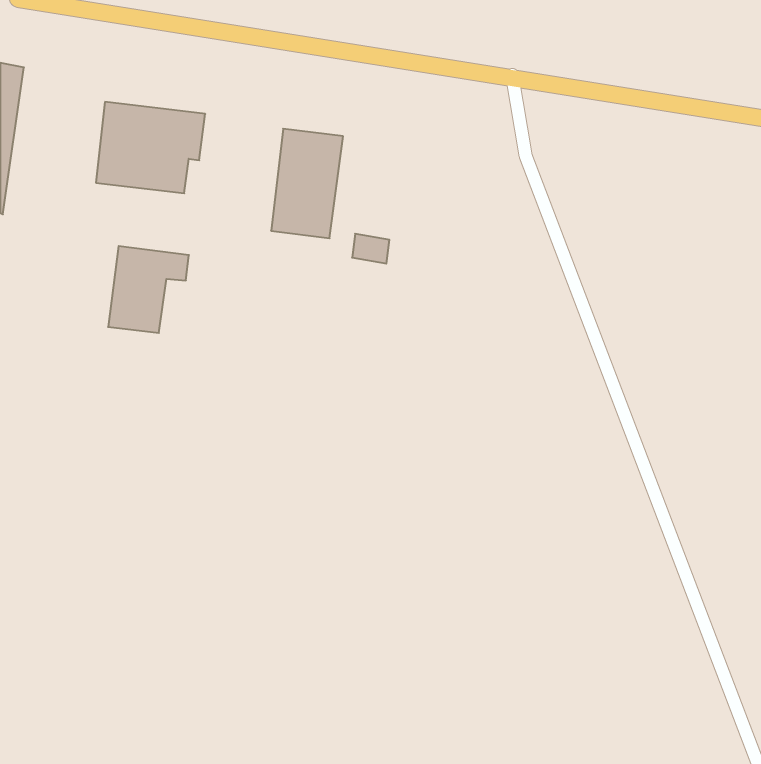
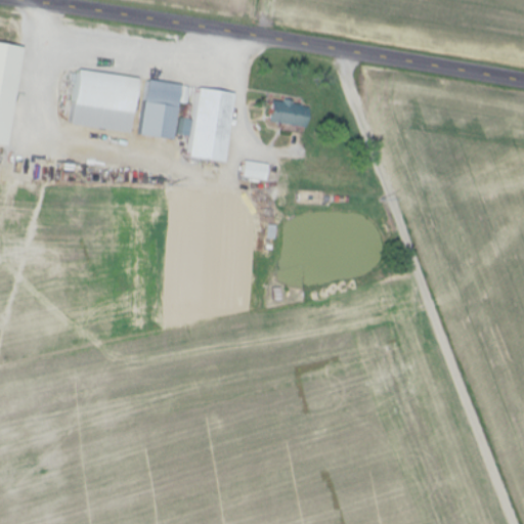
building: none -> [267,99,310,127]
building: [108,246,189,333] -> [139,80,194,139]

